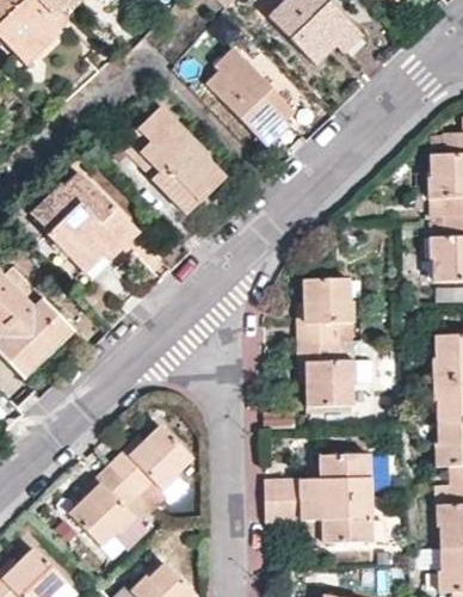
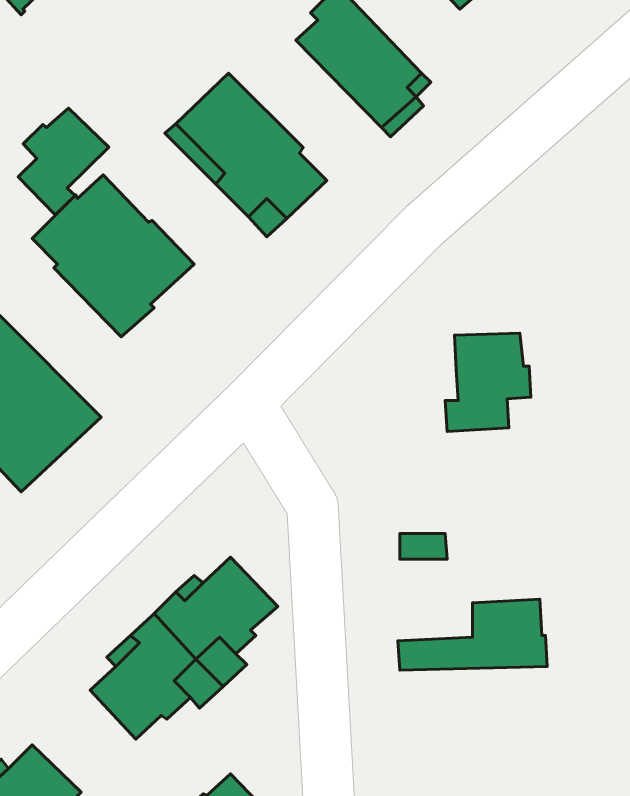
building: none -> [18,108,109,215]
building: [304,339,360,405] -> none
building: [273,496,371,541] -> none

